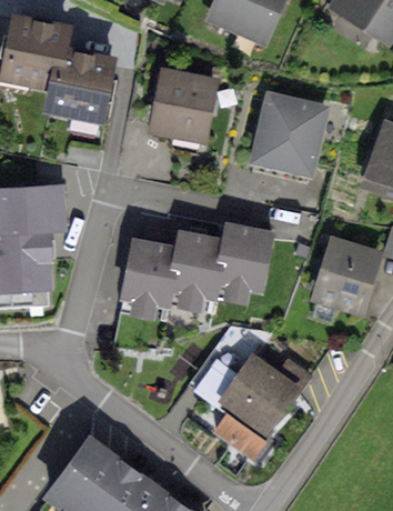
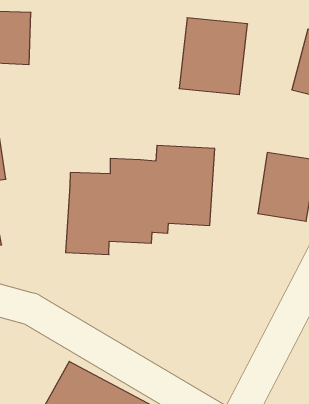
building: [148,73,215,141] -> none
building: [189,324,309,460] -> none

